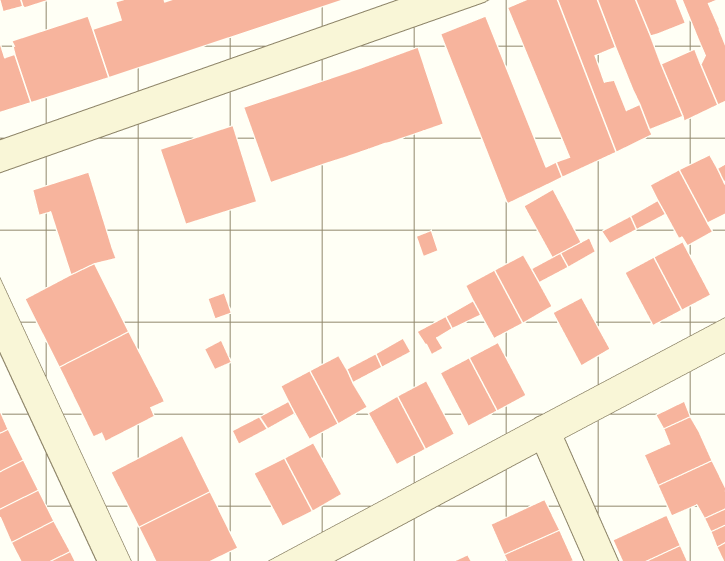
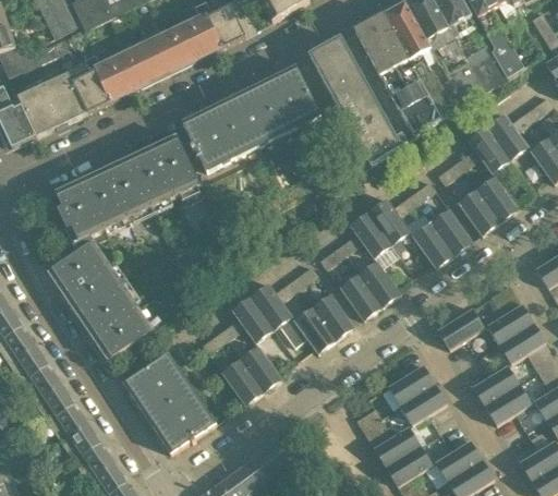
building: none -> [81,157,151,229]
building: [524,189,581,258] -> [429,207,472,254]
building: none -> [436,306,484,349]

